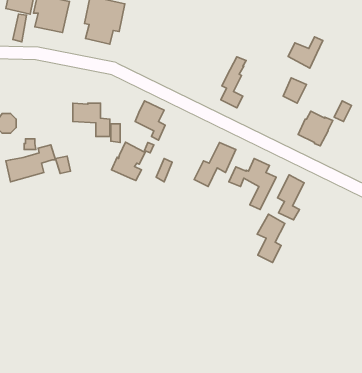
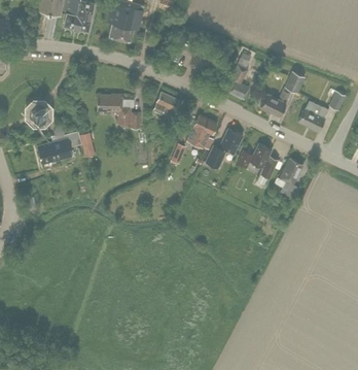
building: [288,37,323,68] -> [259,88,290,115]
building: [112,142,145,180] -> [186,113,216,147]
building: [257,214,285,262] -> none

